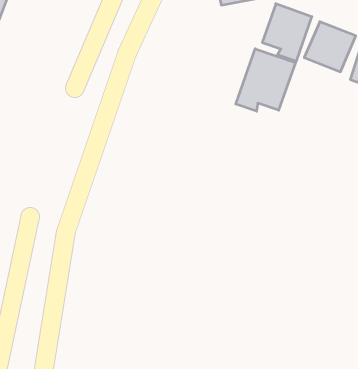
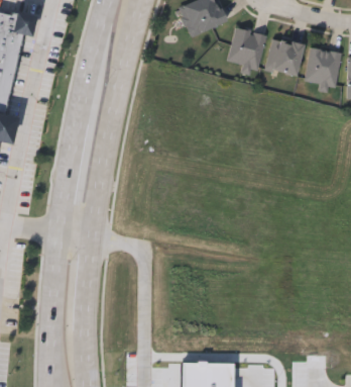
building: [236,49,295,111] -> none

